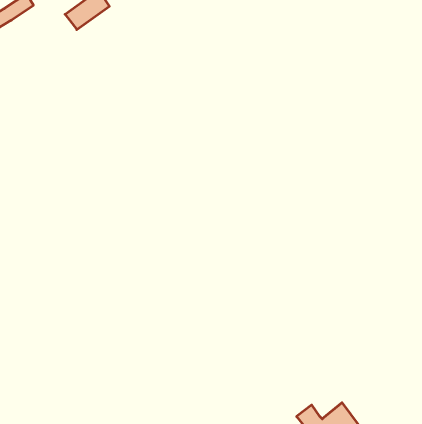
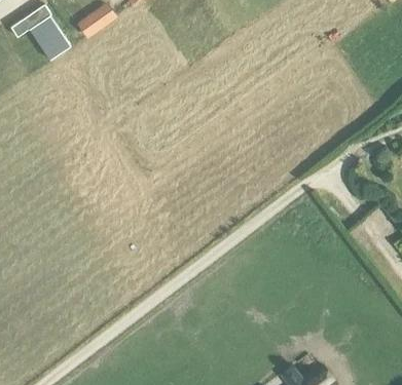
building: none -> [30,15,70,60]

